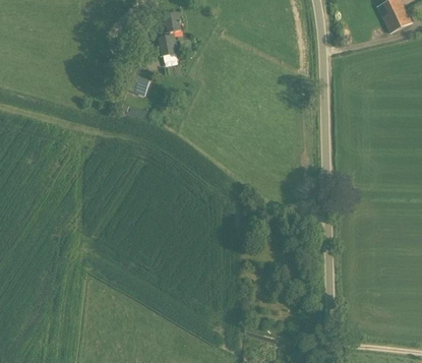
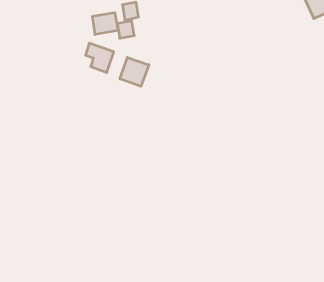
building: none -> [93,13,118,35]
building: none -> [120,57,149,86]

